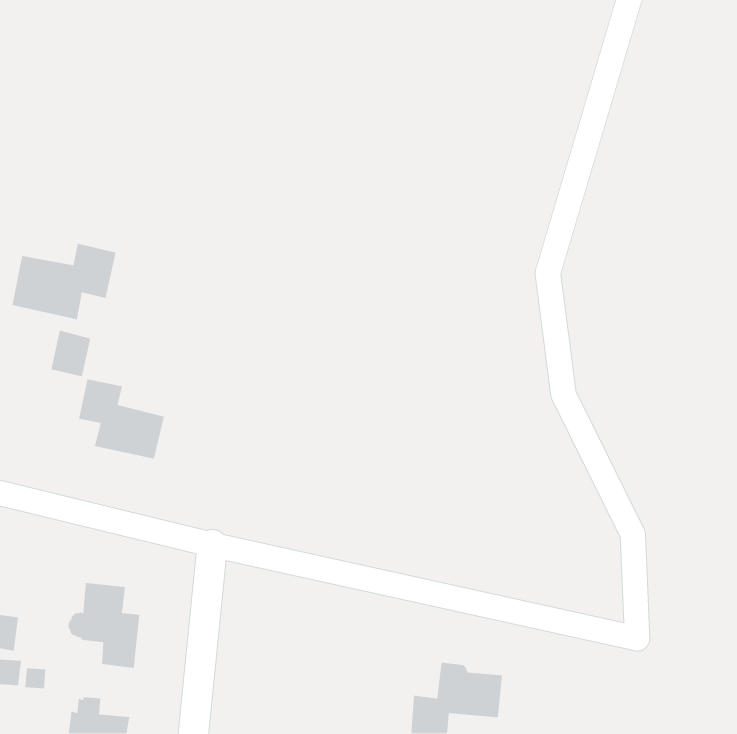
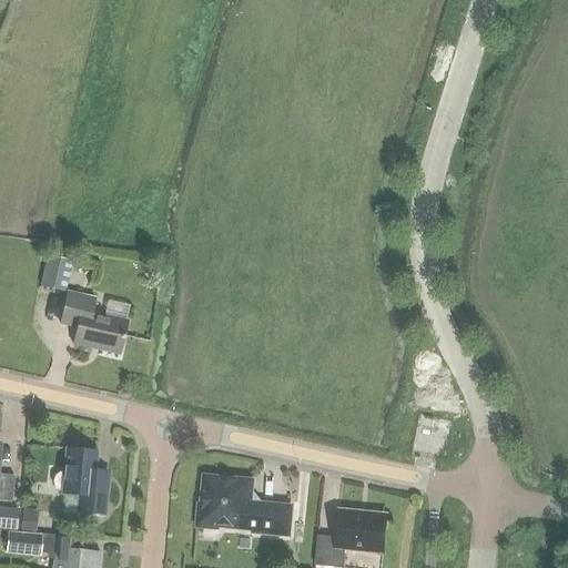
building: [11,243,116,320] -> none
building: none -> [199,477,292,535]
building: none -> [4,529,41,555]

